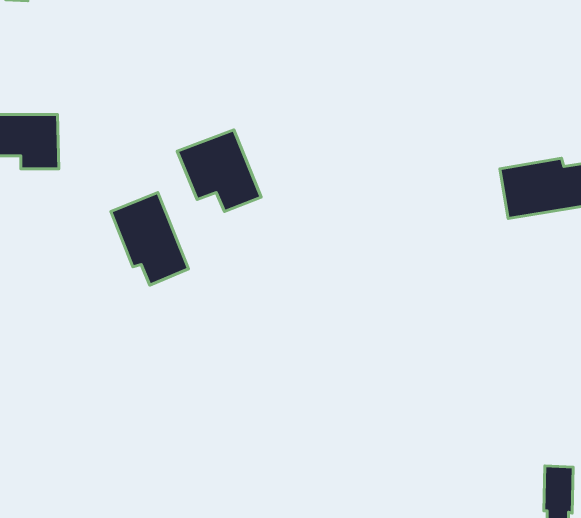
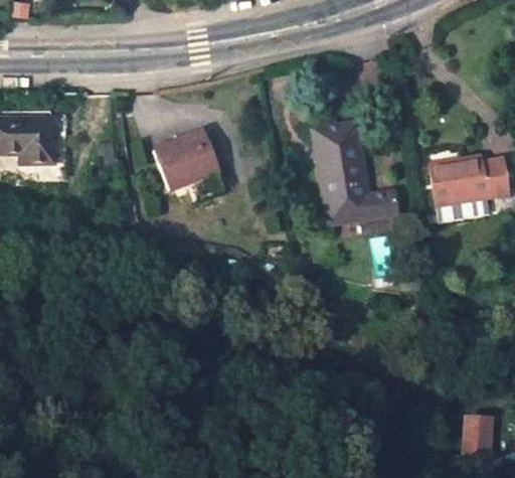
building: none -> [318,121,395,222]
building: [111,193,189,285] -> none

